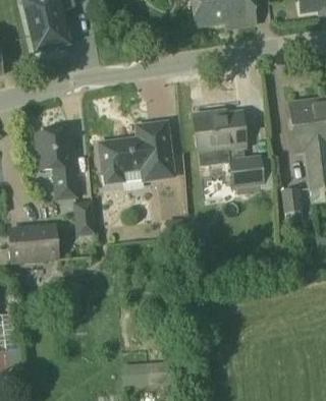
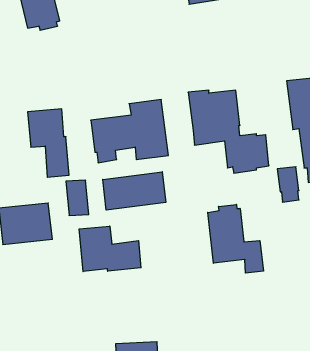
building: none -> [103,172,166,210]
building: none -> [208,204,263,273]
building: none -> [79,226,141,272]

